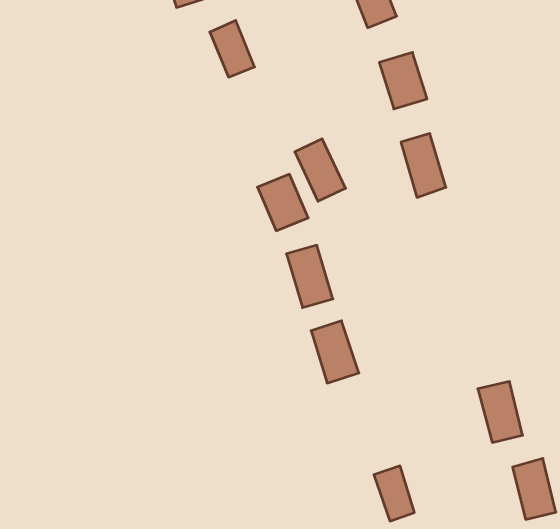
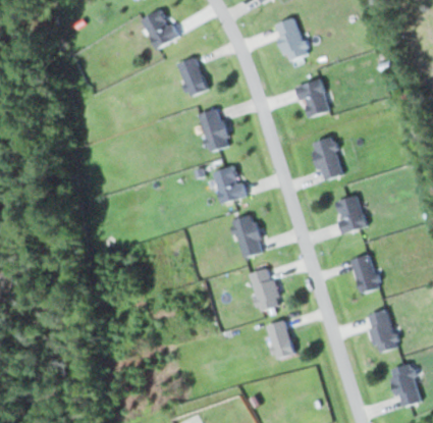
building: [295,139,346,201] -> [196,107,231,151]
building: none -> [336,197,362,231]
building: none -> [355,256,374,290]
building: [374,466,414,521] -> [265,320,293,359]

